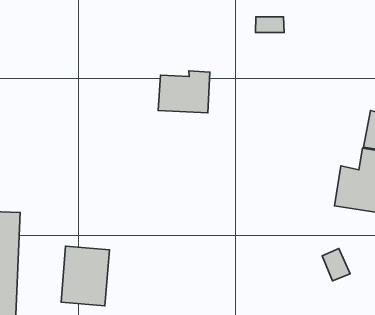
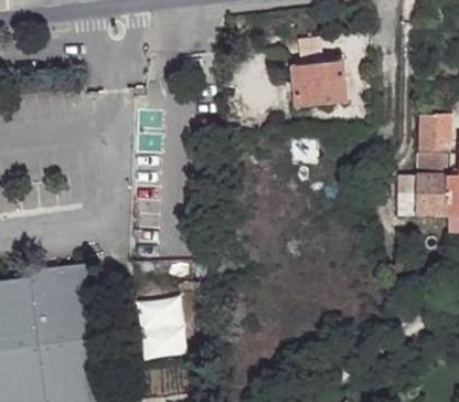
building: [158,71,210,113] -> [292,61,345,107]

